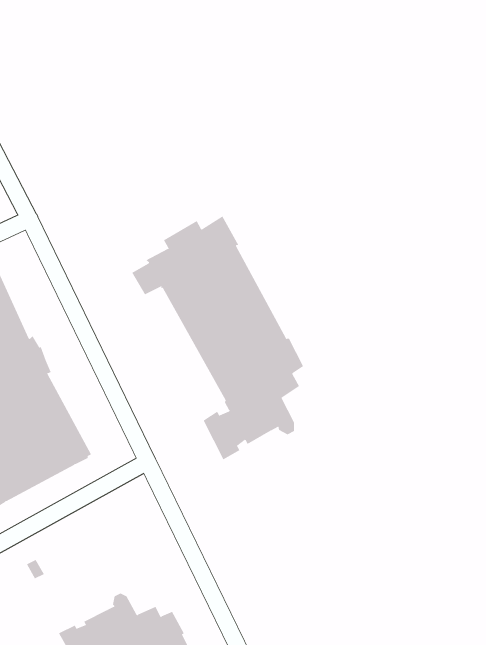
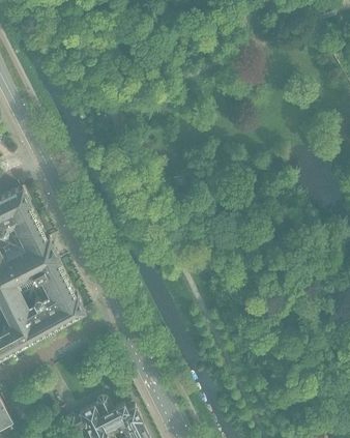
building: [132,216,304,460] -> none

